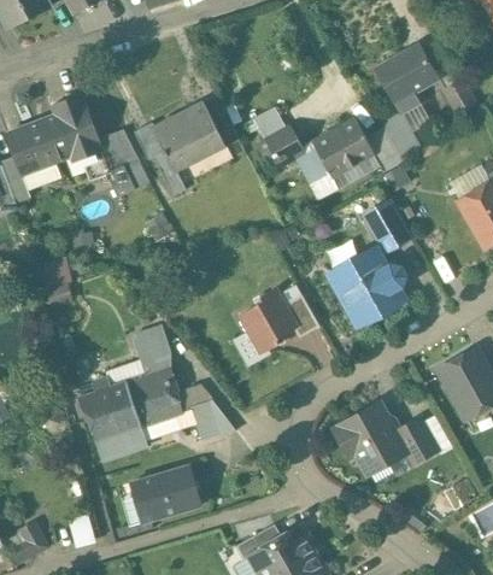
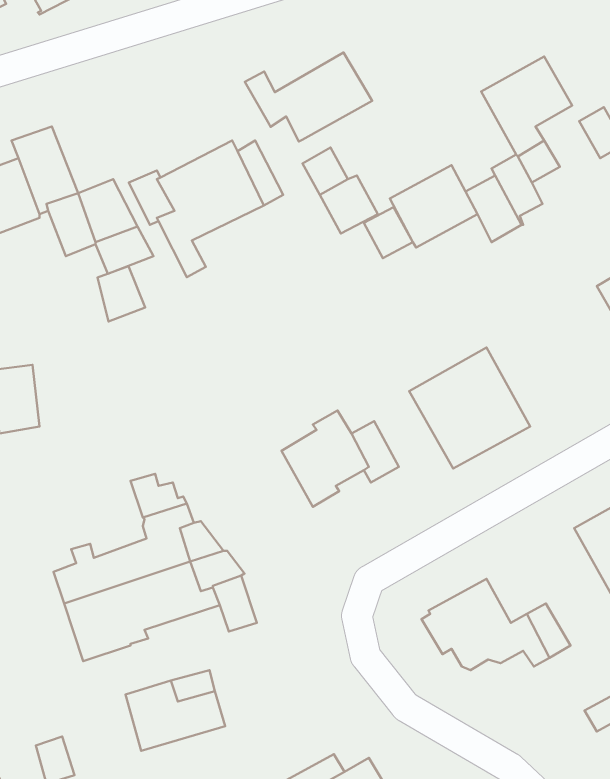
building: none -> [245,53,372,142]
building: none -> [98,266,145,322]
building: [363,195,416,253] -> none

